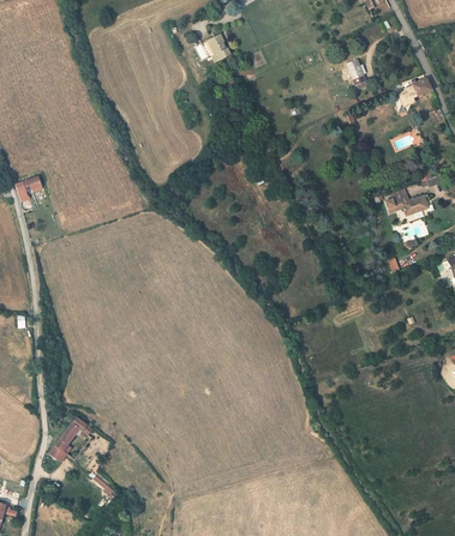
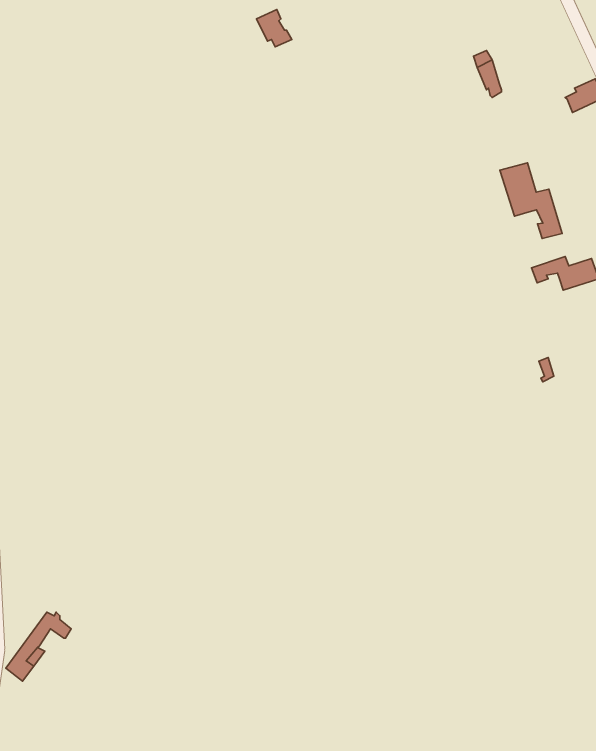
building: none -> [500,163,562,239]

